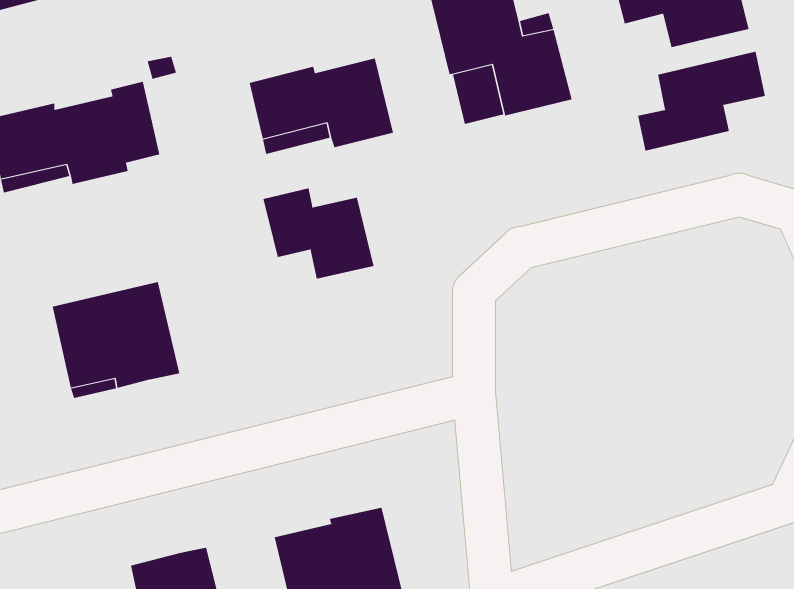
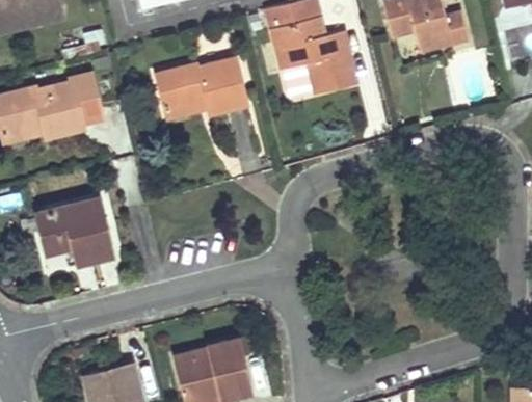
building: [637,51,765,152] -> none
building: [263,188,374,280] -> none

